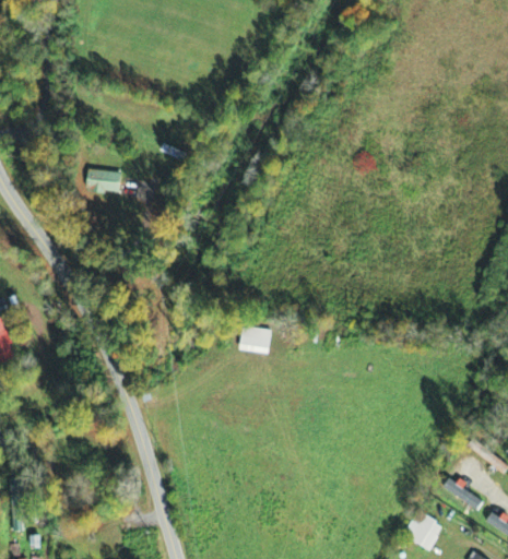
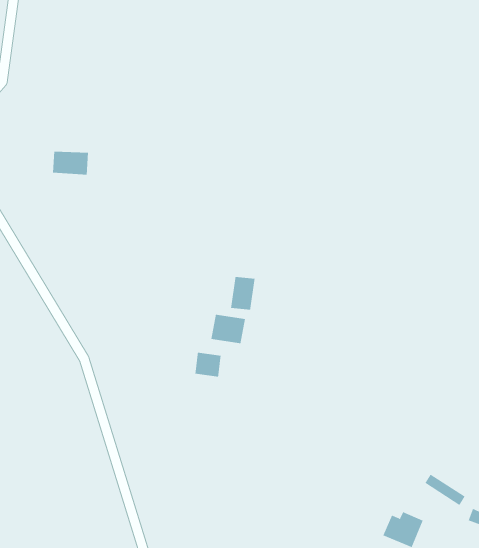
building: none -> [231,276,255,310]
building: none -> [195,352,221,378]

